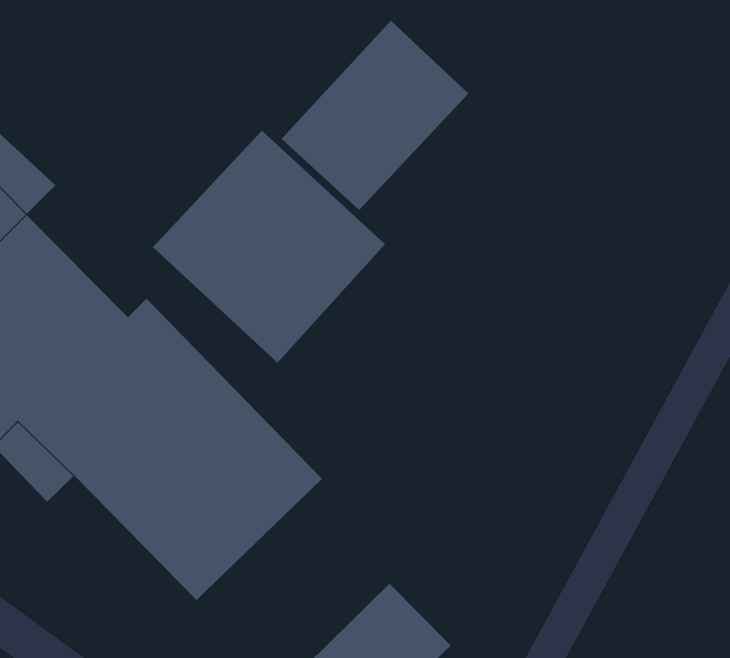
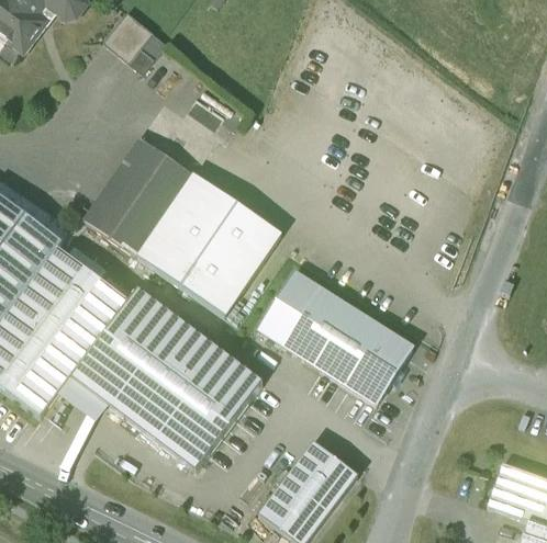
building: [281,20,469,211] -> [82,135,194,256]
building: none -> [258,271,413,401]

